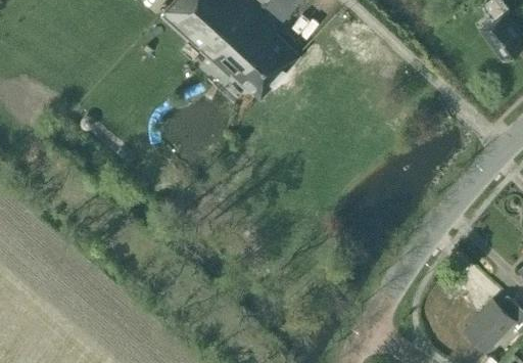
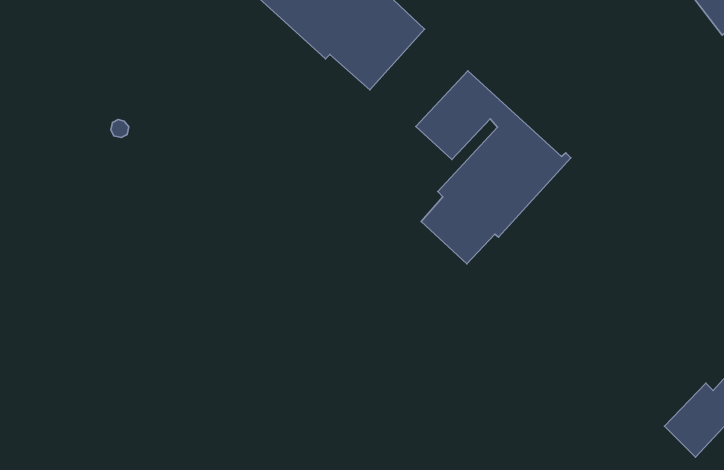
building: none -> [416,71,571,264]

